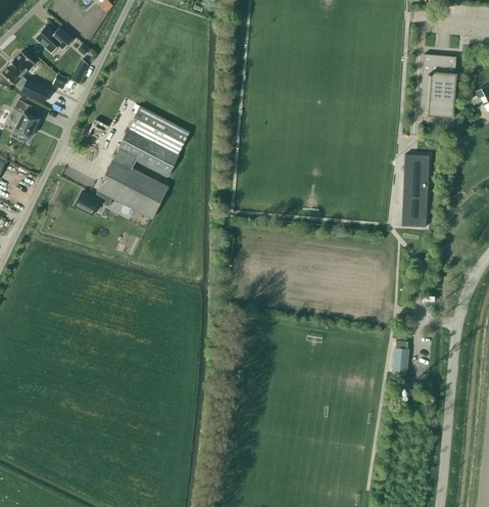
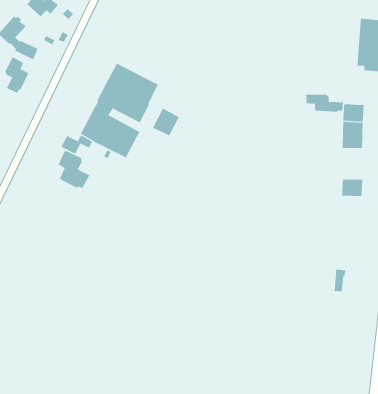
building: none -> [306,94,344,112]
building: none -> [152,108,180,136]
building: [401,206,427,227] -> [341,179,363,197]
building: none -> [58,150,90,189]

